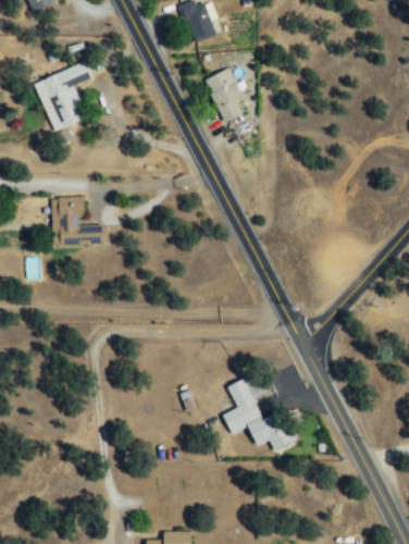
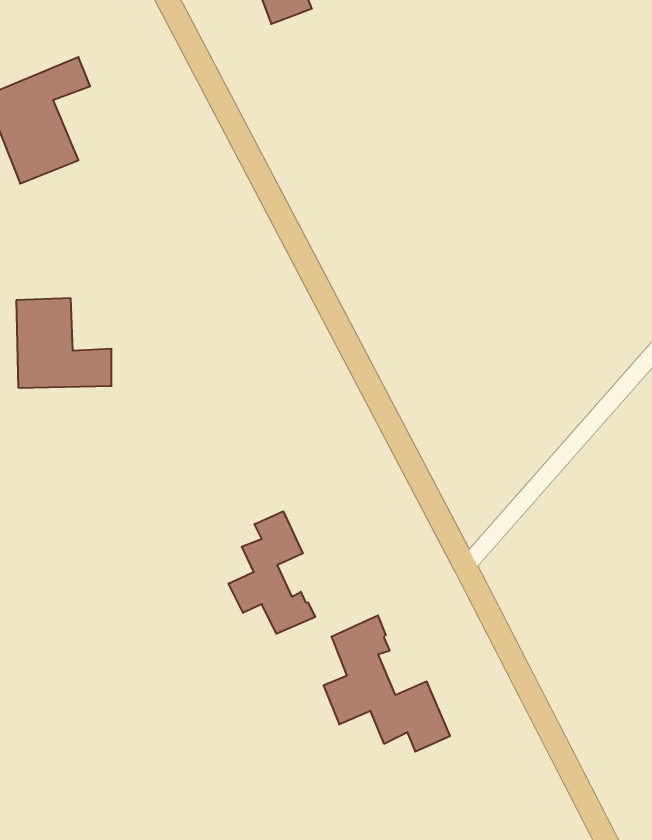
building: [203,67,243,122] -> none
building: none -> [229,511,315,634]

